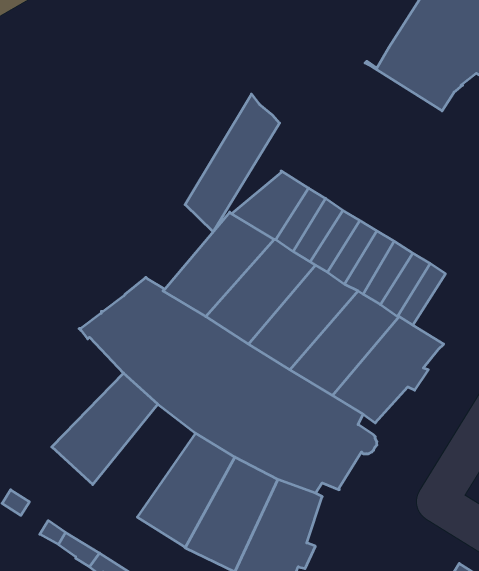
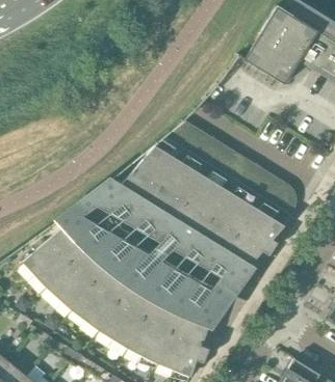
building: [185,94,280,232] -> none
building: none -> [267,183,299,225]
building: none -> [24,221,92,288]
building: none -> [73,262,135,330]

